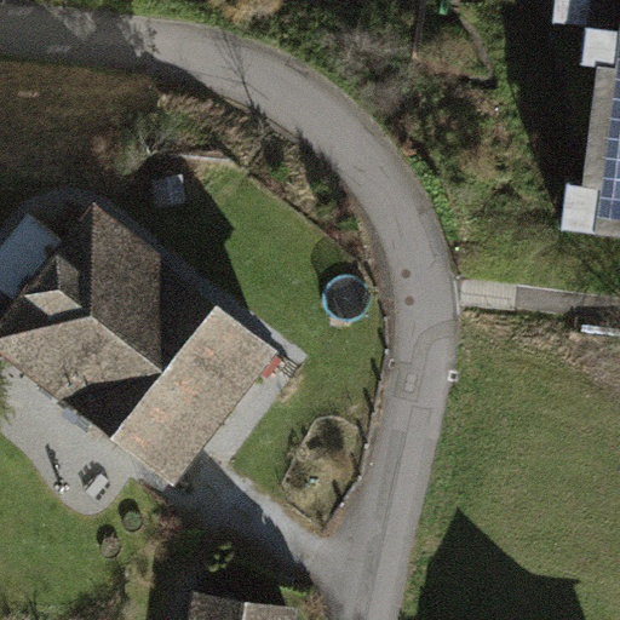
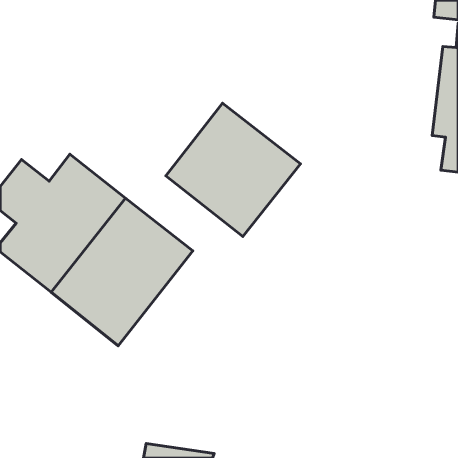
building: none -> [166,103,301,236]

